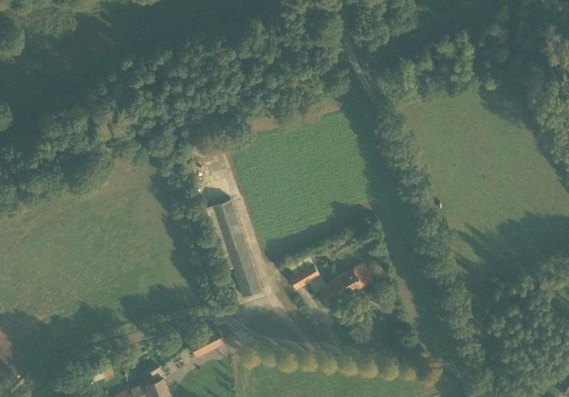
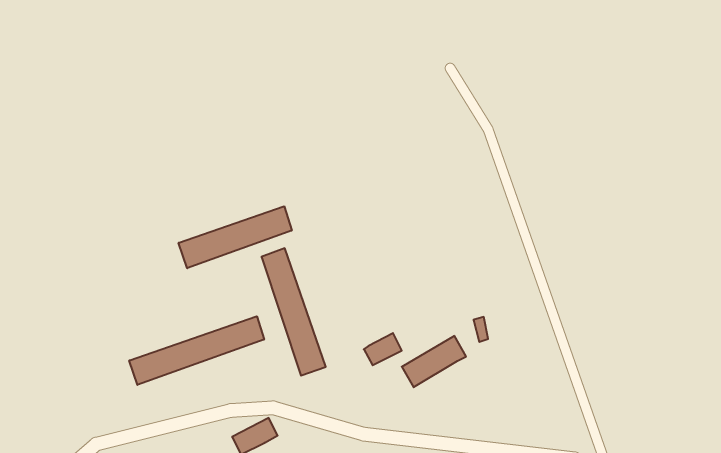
building: none -> [179,206,292,268]
building: none -> [129,316,264,385]

